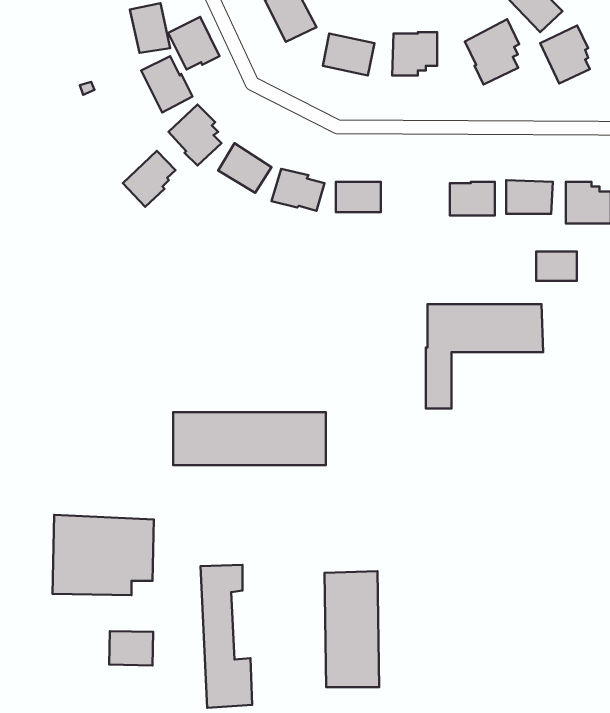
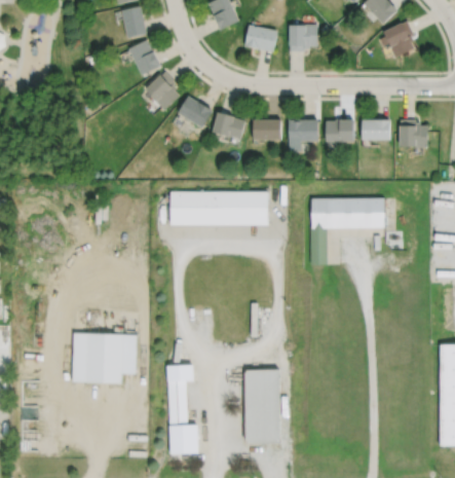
building: [168,17,219,70] -> none
building: [465,19,519,84] -> none
building: [123,151,175,207] -> none
building: none -> [289,119,318,141]
building: [536,252,577,281] -> none
building: [173,412,326,465] -> [170,190,268,224]
building: [109,631,153,665] -> none

